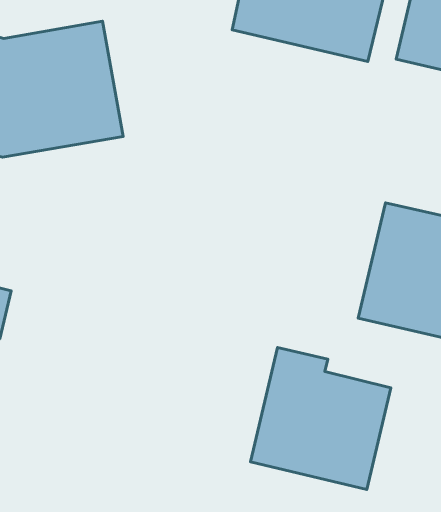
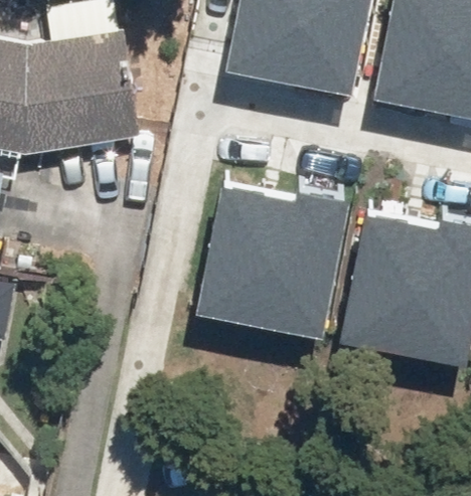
building: none -> [198,176,352,312]
building: [251,348,391,490] -> none

